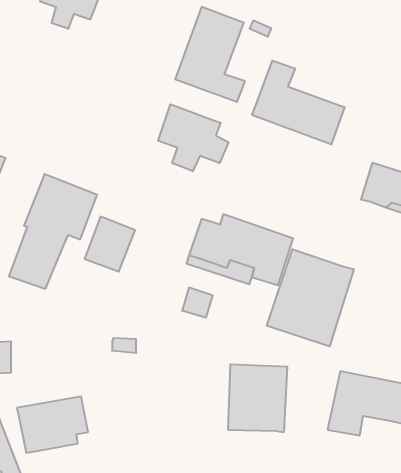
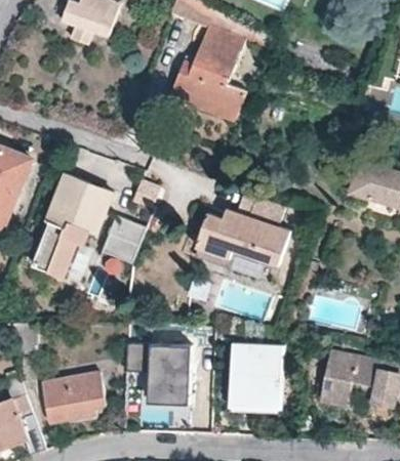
building: [252,61,345,145] -> none
building: [158,104,228,171] -> none
building: [267,249,354,346] -> none
building: none -> [147,345,190,405]

